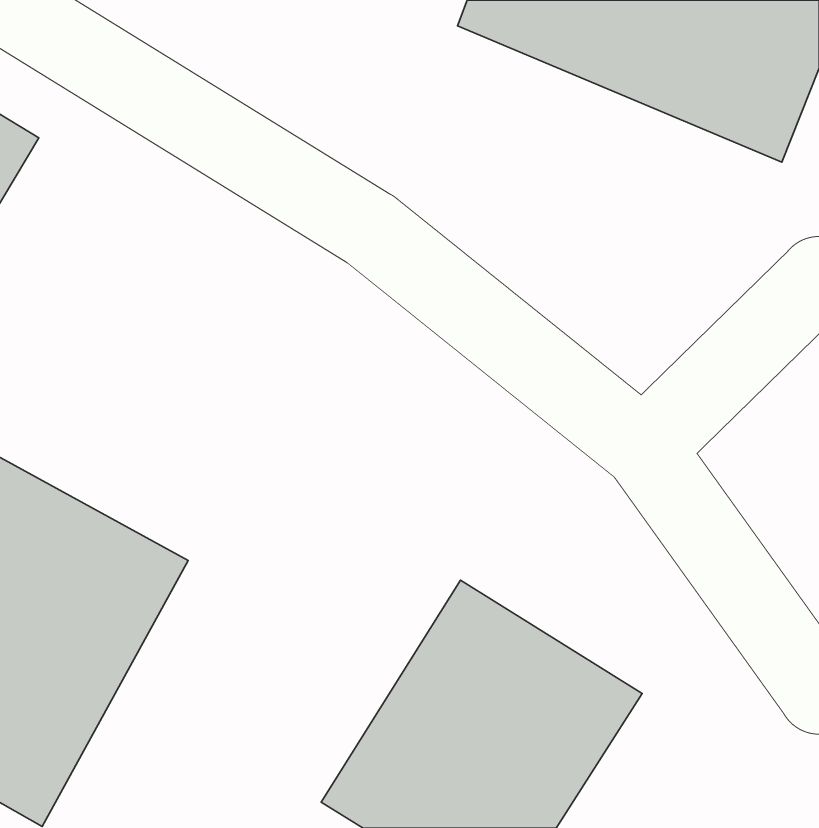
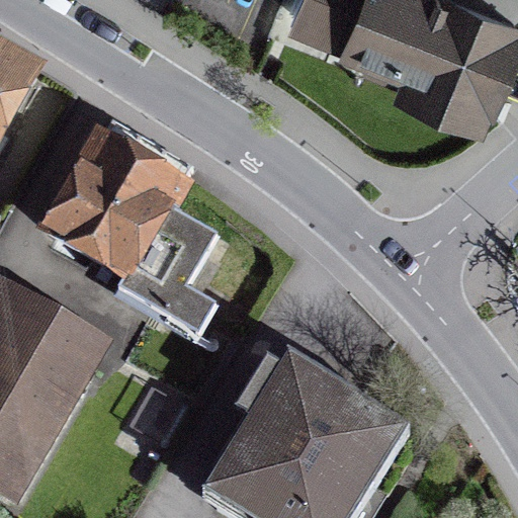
building: none -> [28,111,210,330]

